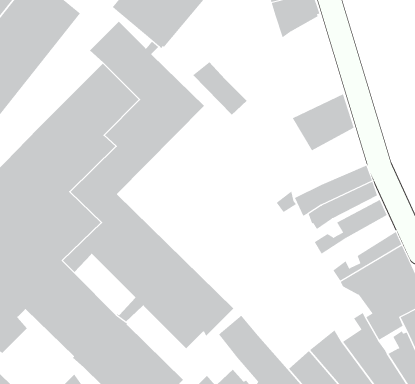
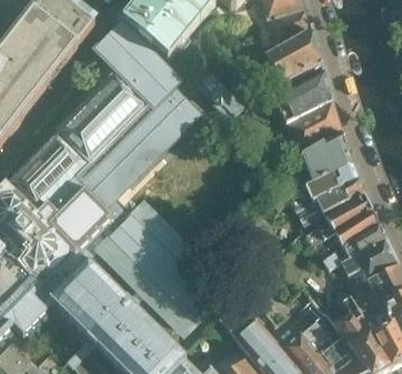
building: none -> [263,24,319,81]
building: none -> [269,68,330,119]
building: none -> [299,128,351,179]
building: none -> [310,206,378,256]

